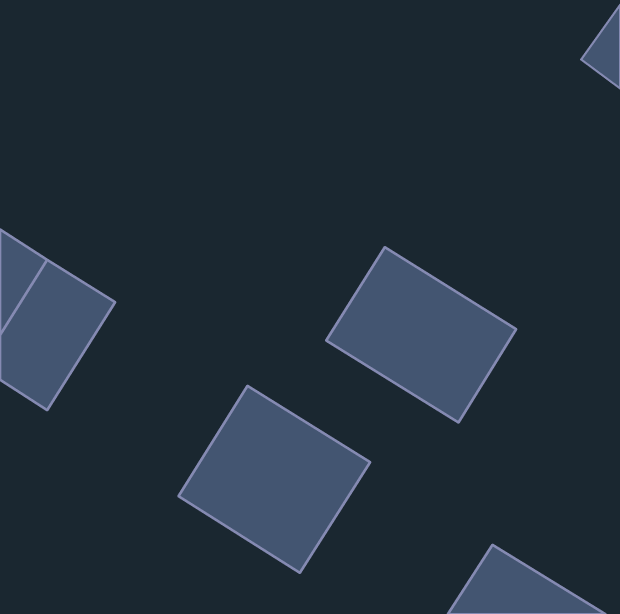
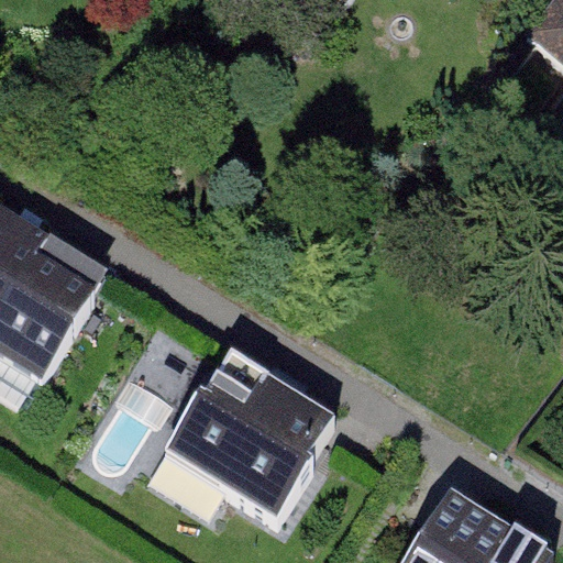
building: [326,247,516,422] -> none

